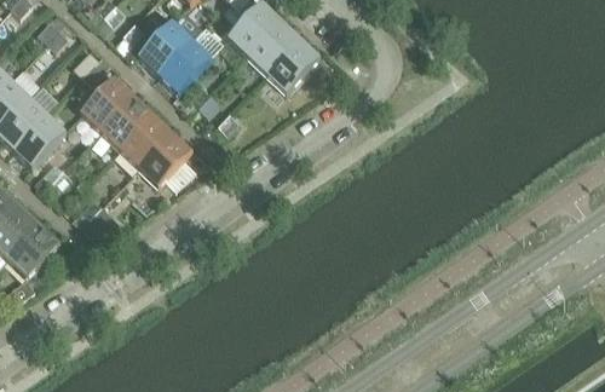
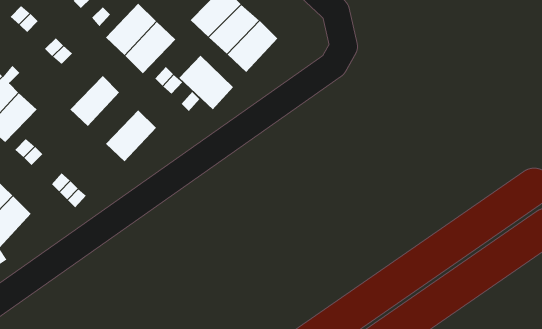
building: none -> [179,55,234,110]
building: [79,75,134,131] -> none
building: [119,113,172,167] -> none

